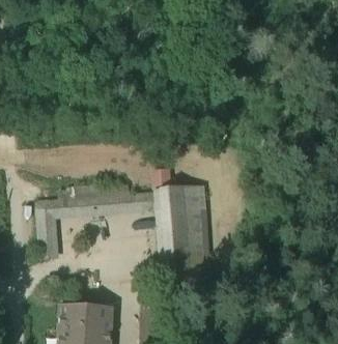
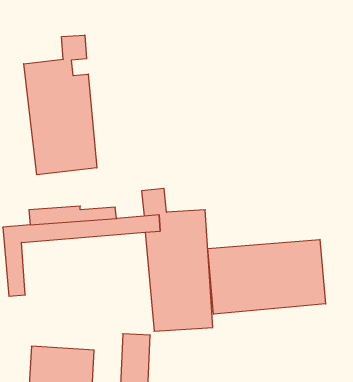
building: none -> [24,35,97,175]
building: none -> [208,239,326,314]

